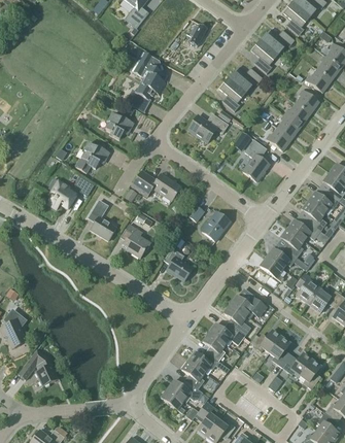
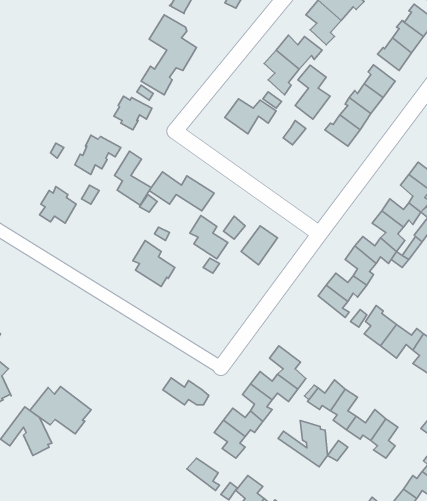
building: [243,140,270,181] -> [295,65,330,119]
building: [89,199,116,240] -> [115,151,151,205]
building: [164,247,193,280] -> [190,216,228,259]
building: [231,295,268,317] -> none
building: none -> [30,387,91,434]
building: none -> [278,420,328,467]
building: [168,379,203,400] -> [163,378,209,405]

